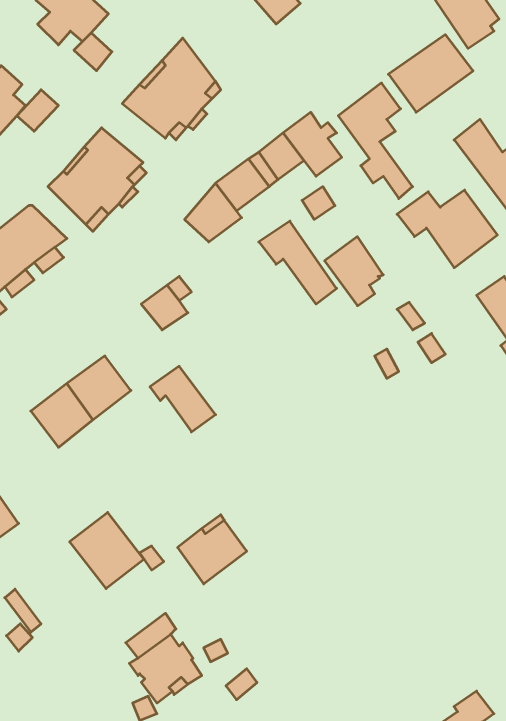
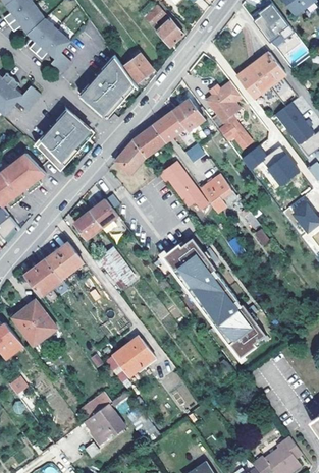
building: none -> [124,53,154,81]
building: none -> [74,212,102,239]
building: none -> [161,239,264,361]
building: [70,512,144,589] -> [13,300,57,345]

